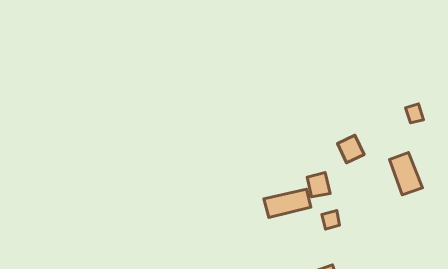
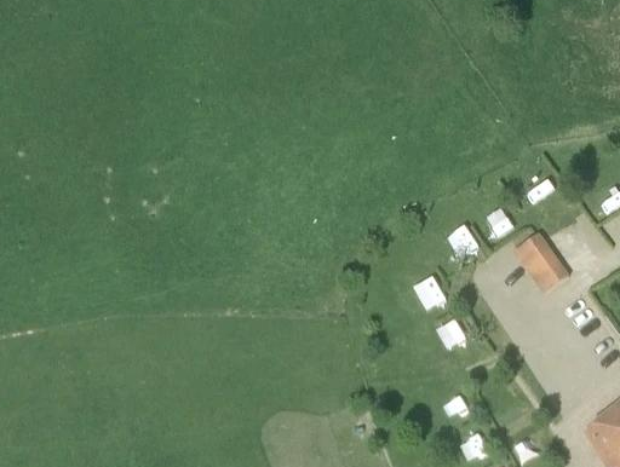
building: [264,189,311,217] -> none

